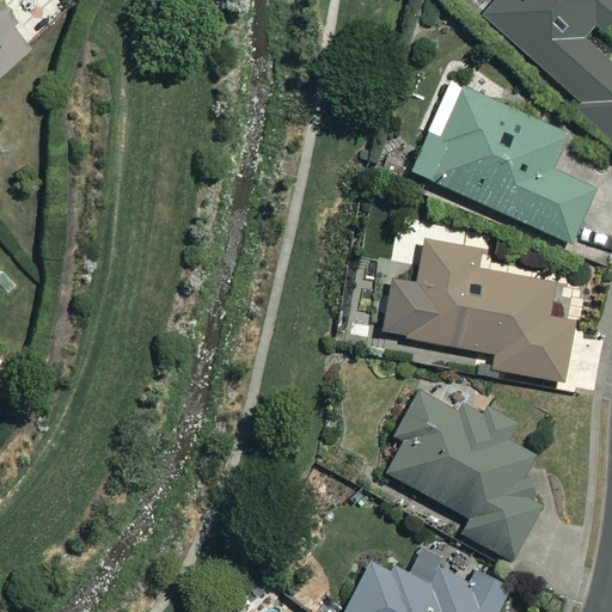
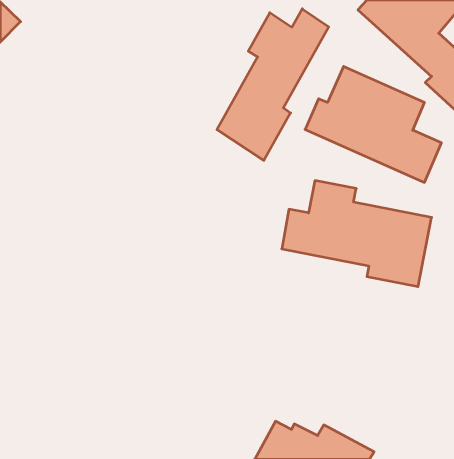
building: none -> [217,9,329,160]
building: [386,388,543,562] -> none

